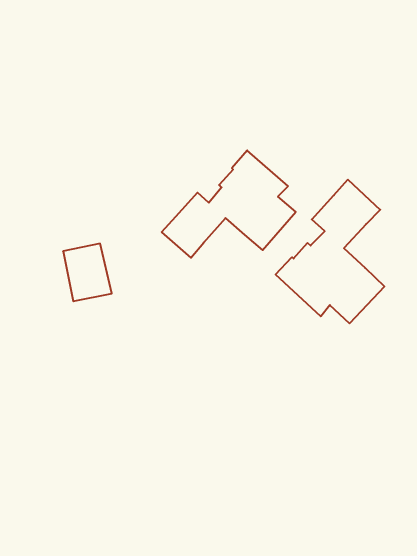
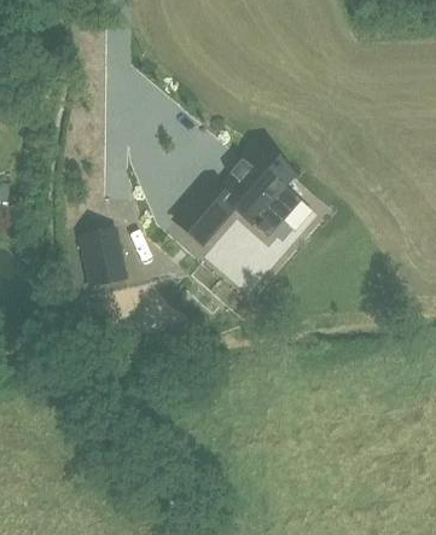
building: [276,180,384,323] -> none

